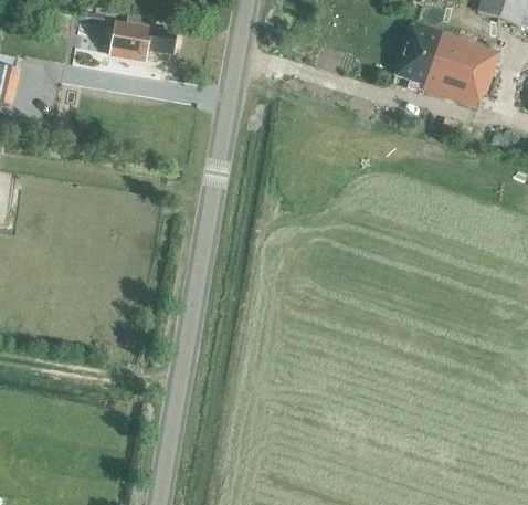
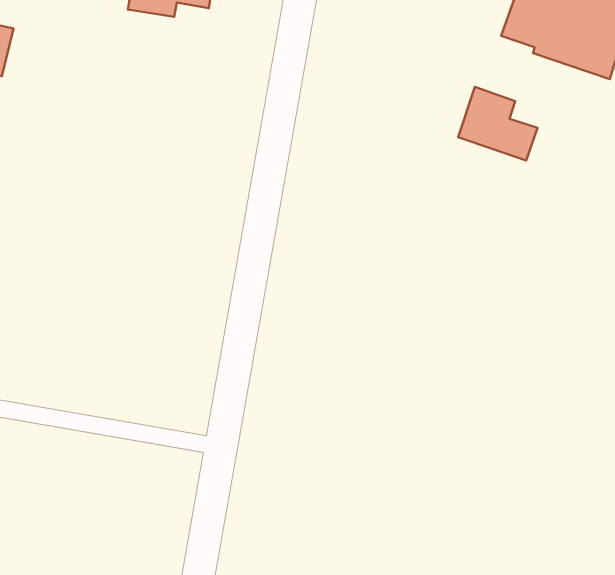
building: none -> [458,87,538,160]

